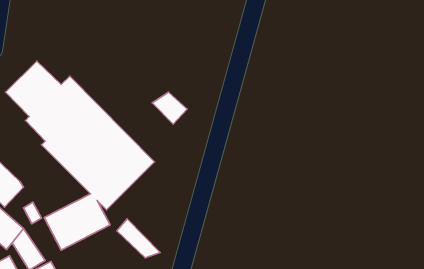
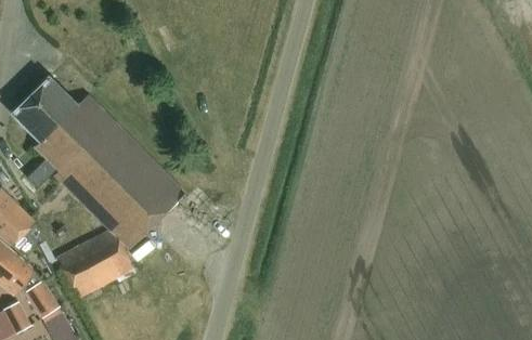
building: [152,92,187,124] -> none
building: [117,219,160,258] -> none

